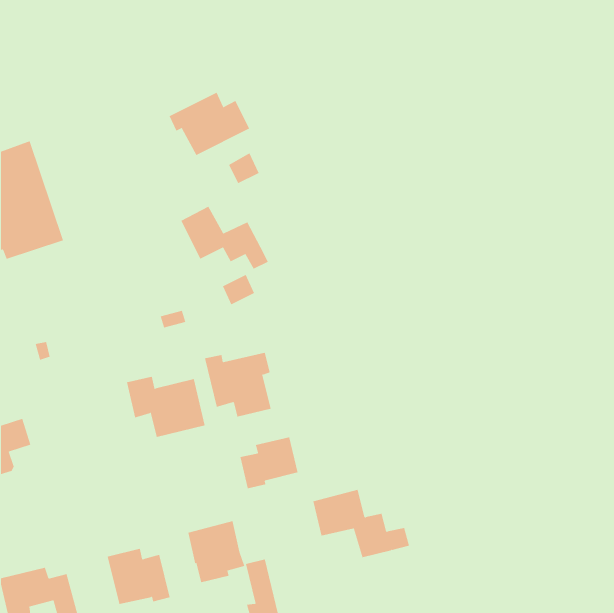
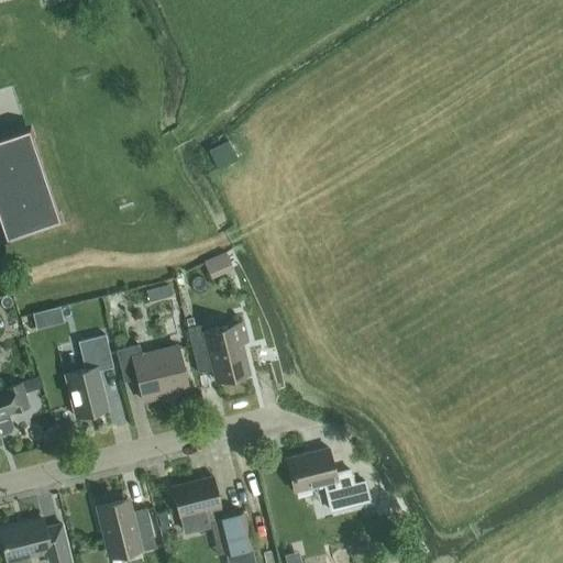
building: [169,92,250,156] -> none
building: [181,206,268,270] -> none
building: none -> [65,335,113,418]
building: [240,437,298,489] -> none

